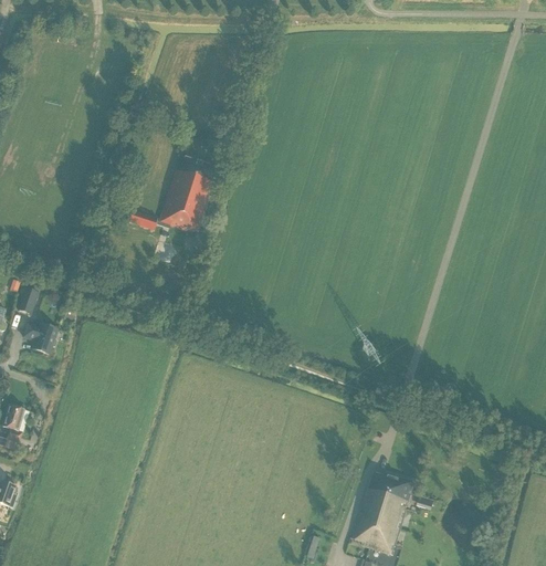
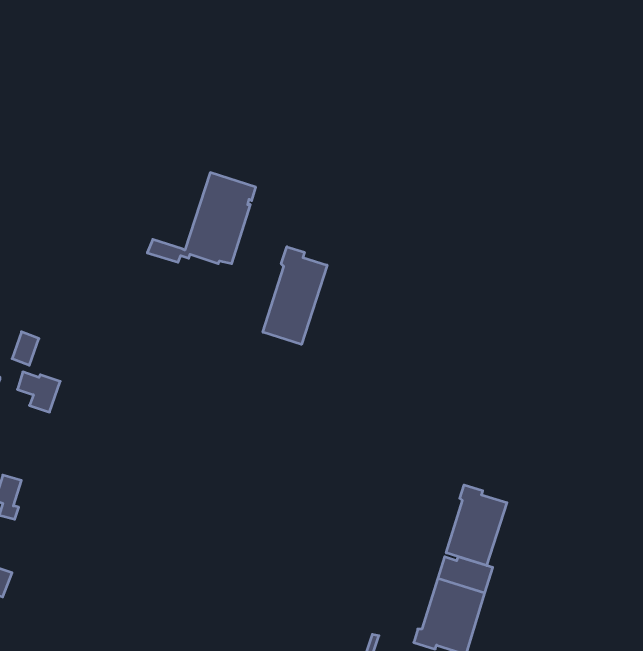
building: none -> [263,247,327,344]
building: none -> [446,485,507,566]

